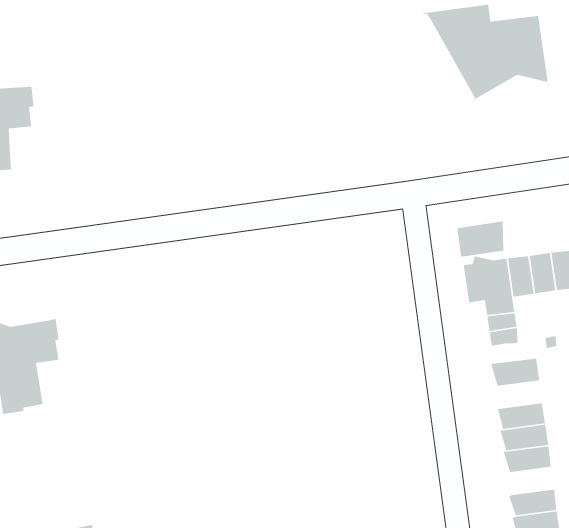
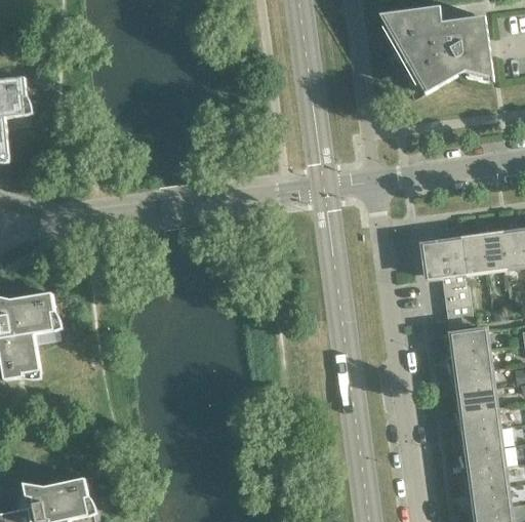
building: [457,220,504,257] -> none
building: none -> [446,348,490,372]
building: none -> [456,426,501,450]

